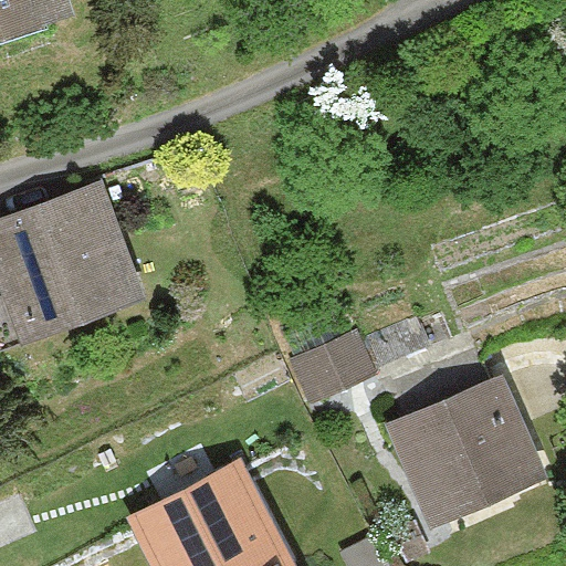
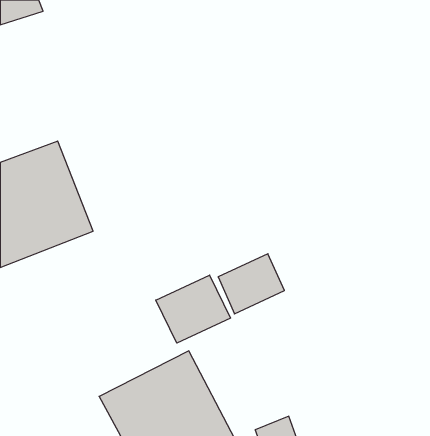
building: none -> [156,275,231,343]
building: [376,376,539,530] -> none

